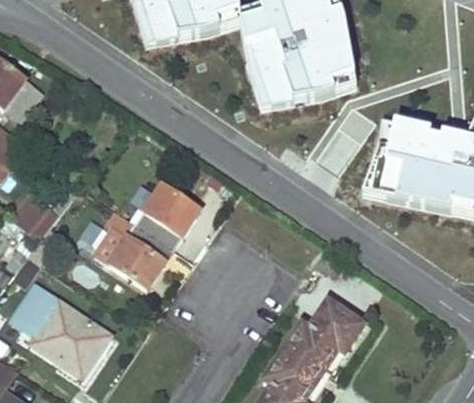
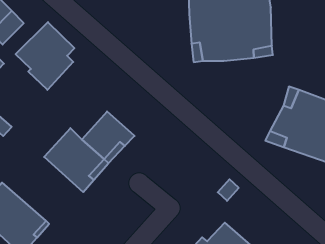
building: none -> [16,22,74,90]

